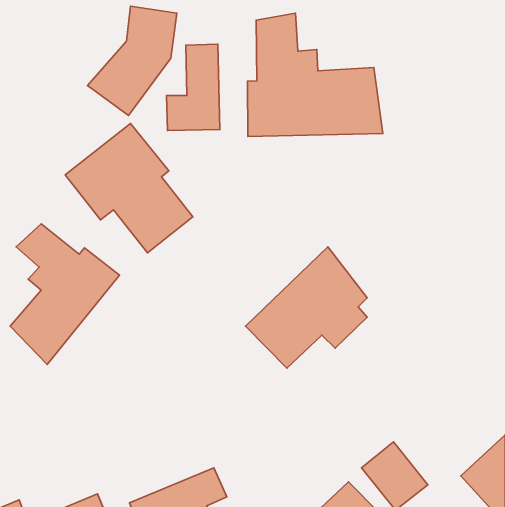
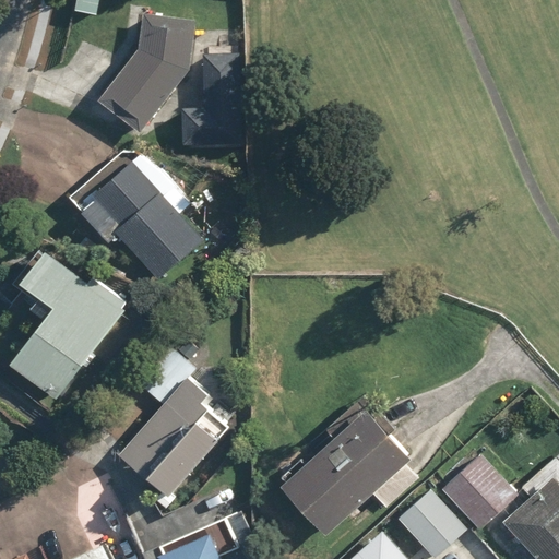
building: [248,13,383,137] -> none
building: [246,247,367,368] -> [282,402,414,534]
building: none -> [115,340,229,501]
building: none -> [442,455,515,530]

